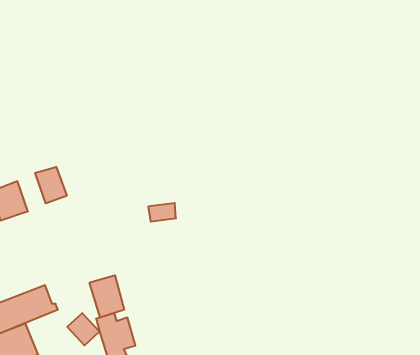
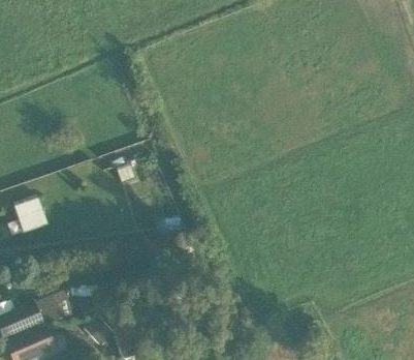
building: [35,167,67,203] -> none
building: [90,275,124,318] -> none

